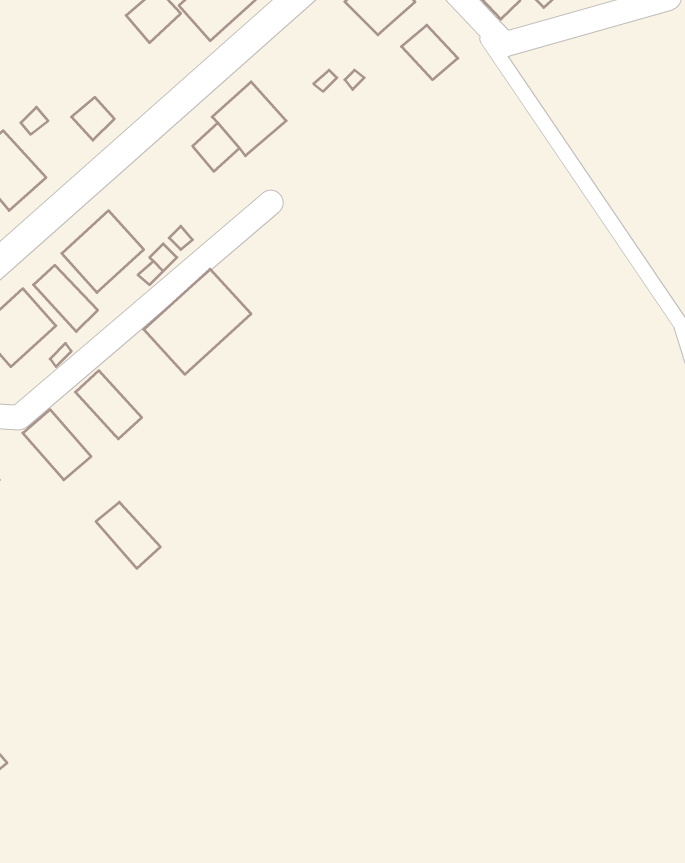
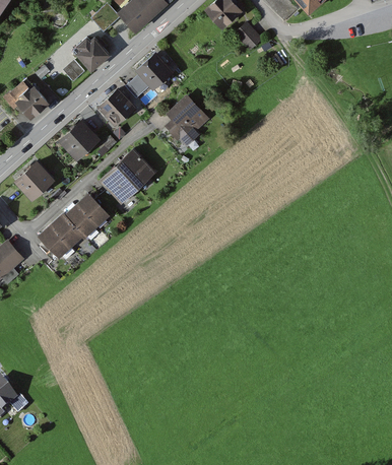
building: none -> [76,35,111,70]
building: none -> [97,86,136,125]
building: none -> [166,94,208,145]
building: [33,265,98,332] -> [77,191,111,225]
building: [96,502,160,568] -> [52,211,85,246]

